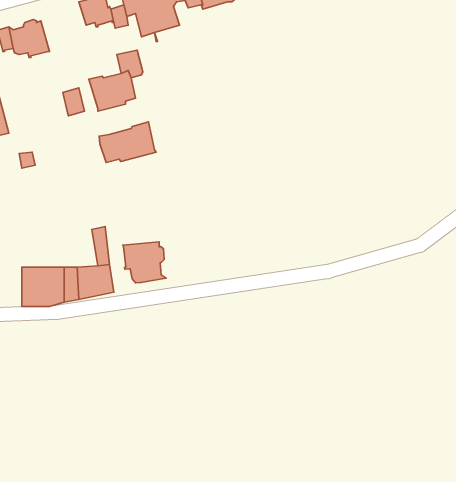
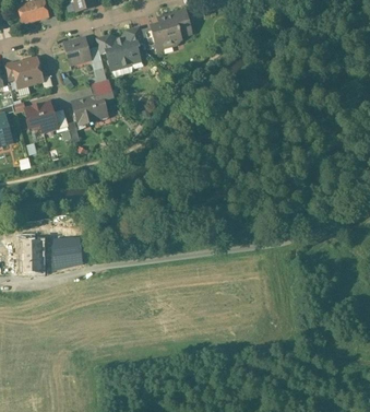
building: none -> [26,102,56,128]
building: [99,122,156,162] -> none
building: [123,242,166,283] -> none

